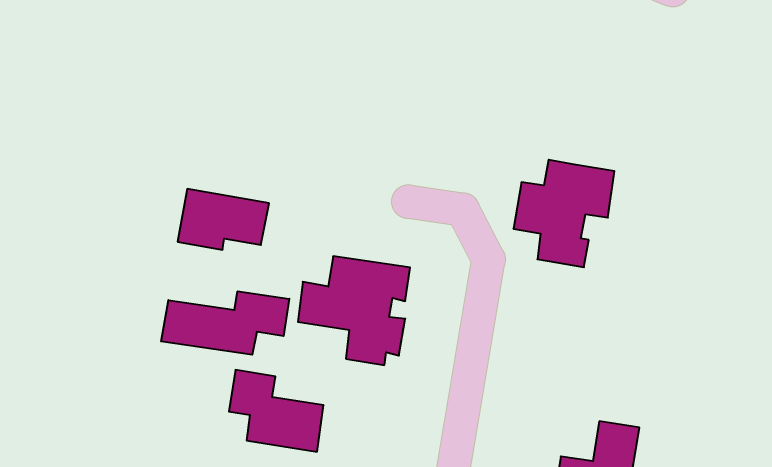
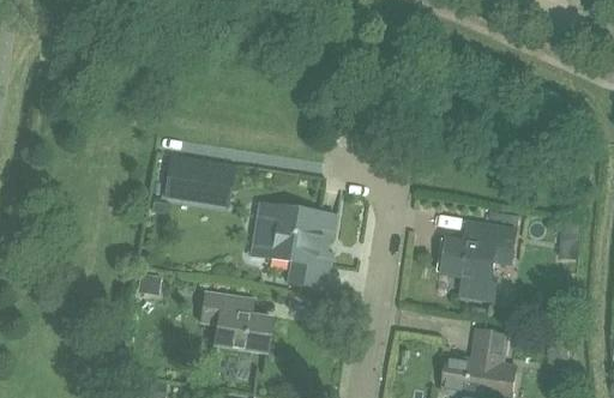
building: [513,160,614,267] -> [441,221,517,301]
building: [161,291,289,355] -> none

